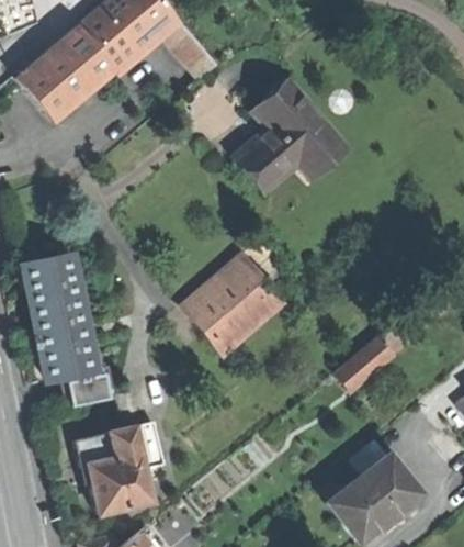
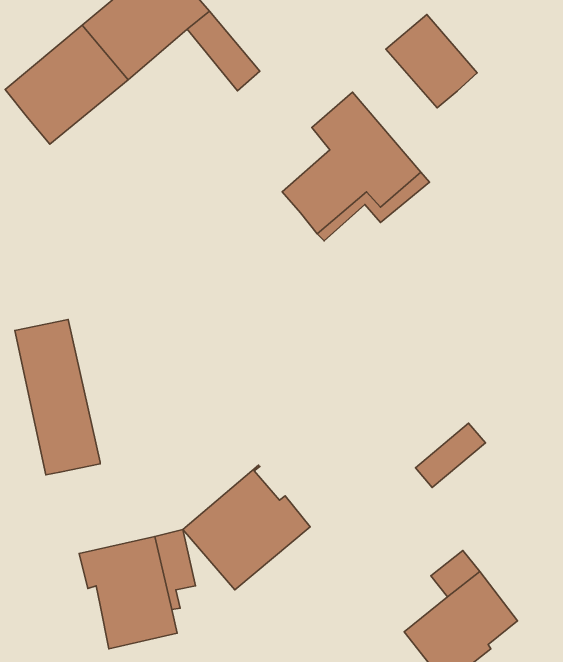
building: none -> [386,14,477,108]
building: [185,253,285,350] -> [183,465,310,590]
building: [58,366,112,399] -> none

